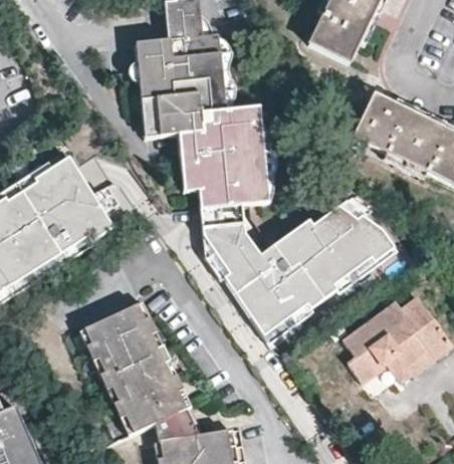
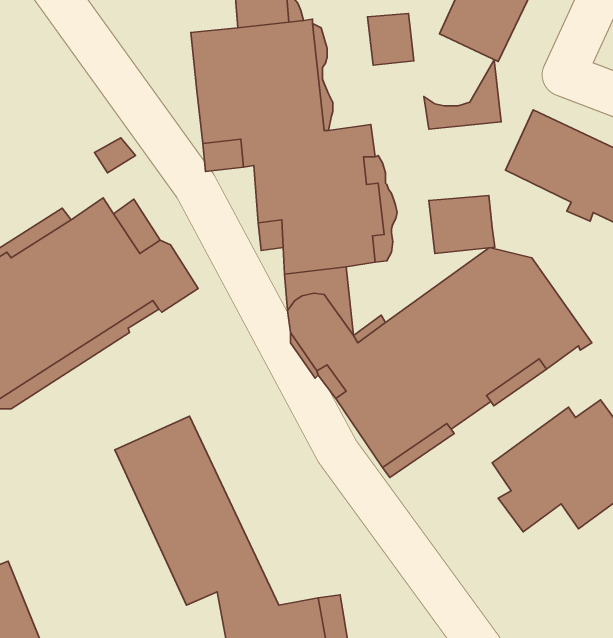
building: none -> [367,14,414,65]
building: none -> [424,60,501,129]
building: none -> [429,195,495,254]

